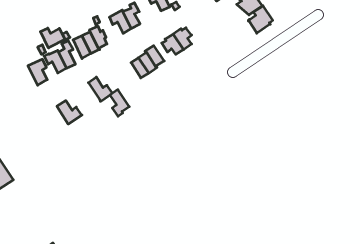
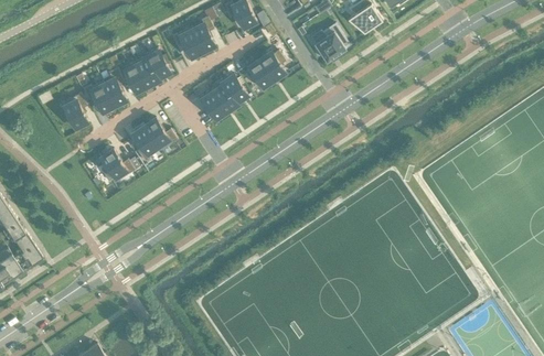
building: [248,6,273,33] -> [314,25,348,63]
building: [40,28,65,48] -> none
building: [110,90,129,116] -> [132,127,159,163]

